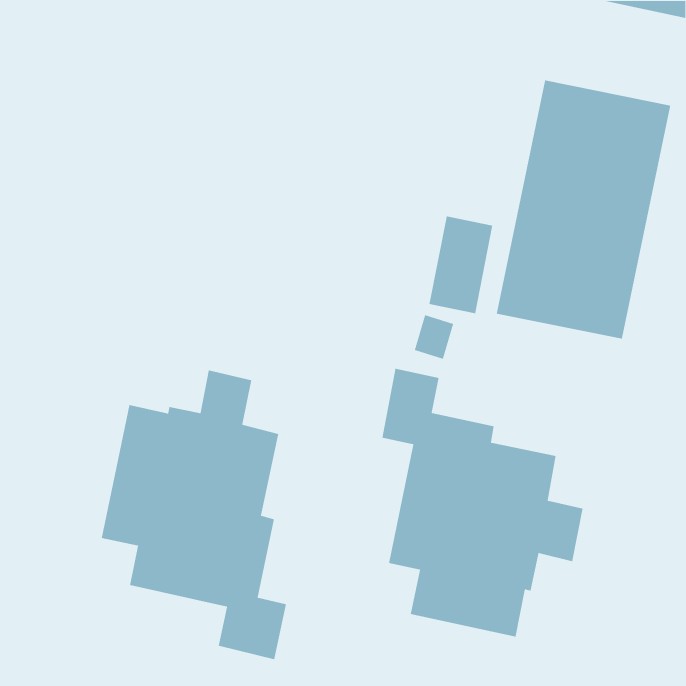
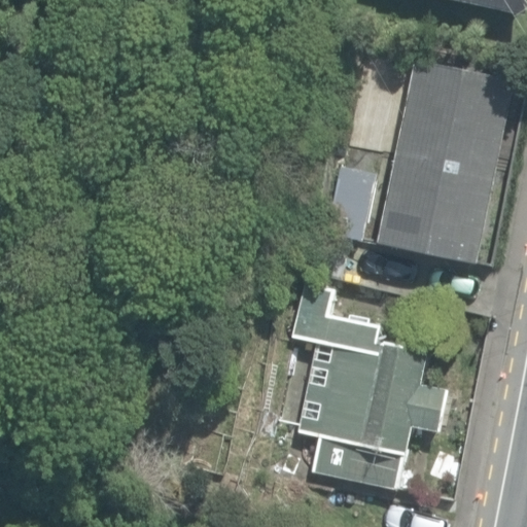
building: [101,370,287,660] -> none

